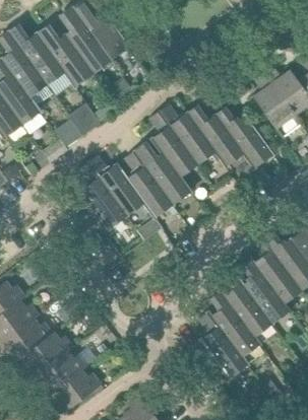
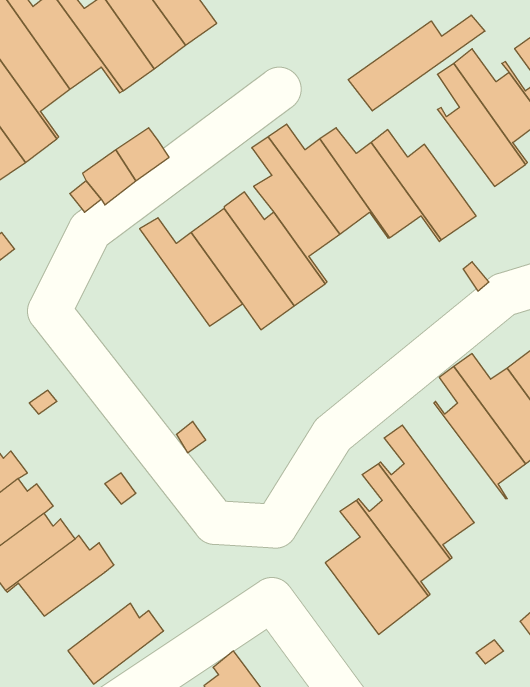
building: none -> [348,15,485,111]
building: [78,161,126,228] -> none
building: [233,258,290,324] -> none
building: [35,351,87,395] -> none

